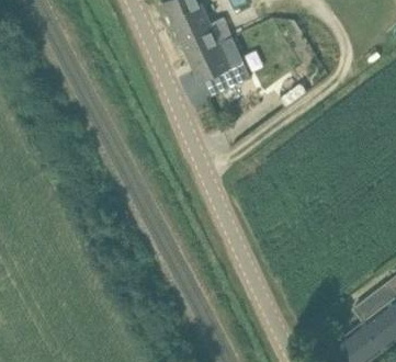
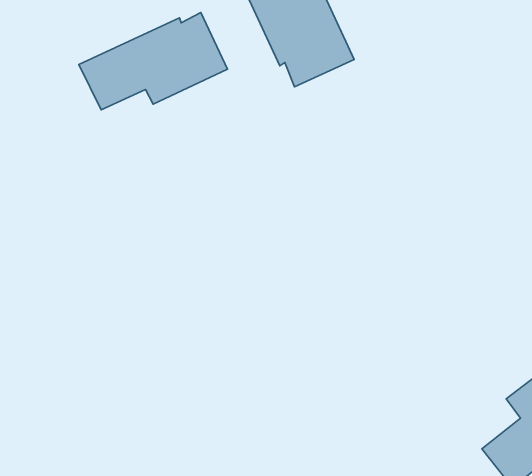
building: none -> [79,12,227,110]

